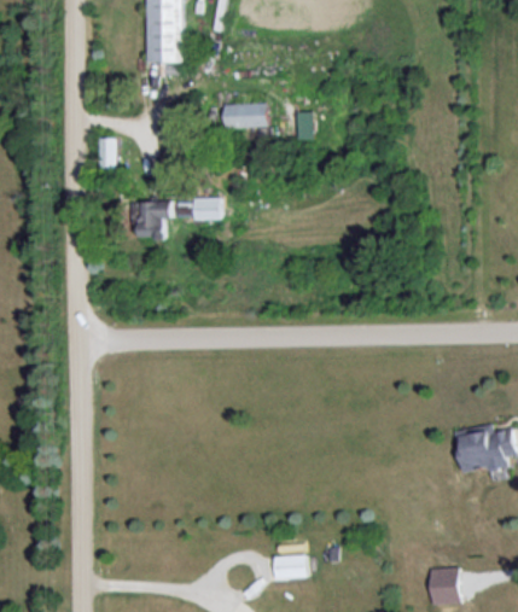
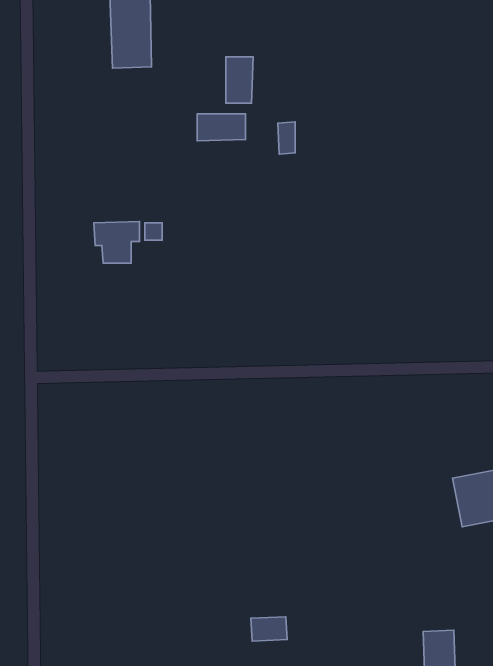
building: none -> [226,57,253,103]
building: [99,138,117,168] -> none
building: [194,198,221,221] -> none

